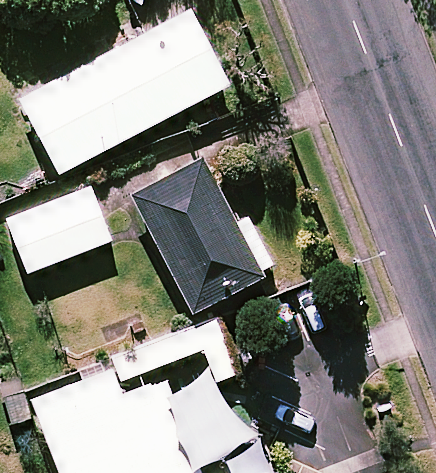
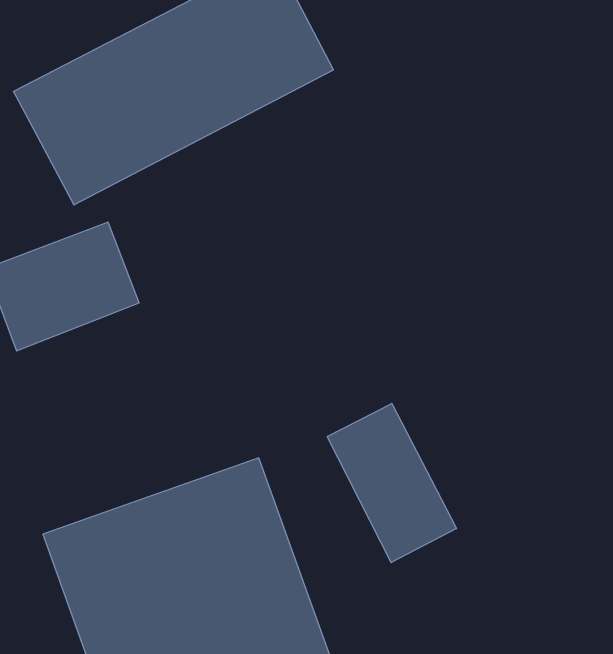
building: [127,155,267,305] -> none
building: none -> [327,403,457,563]

